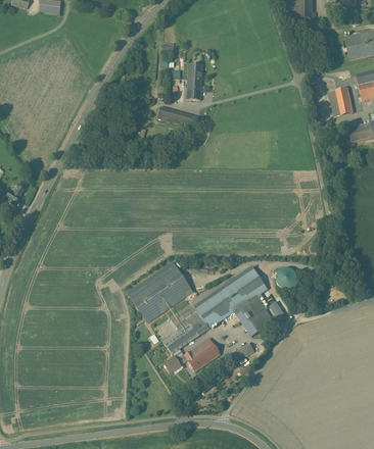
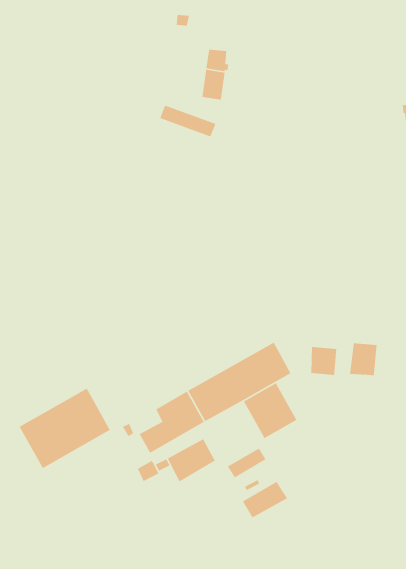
building: none -> [349,342,377,376]
building: [127,262,192,322] -> [19,387,111,469]
building: none -> [242,481,288,519]

